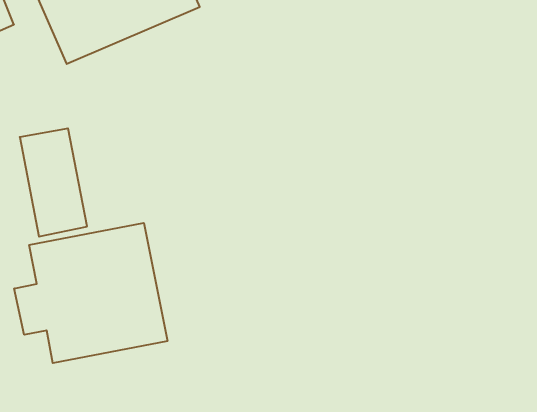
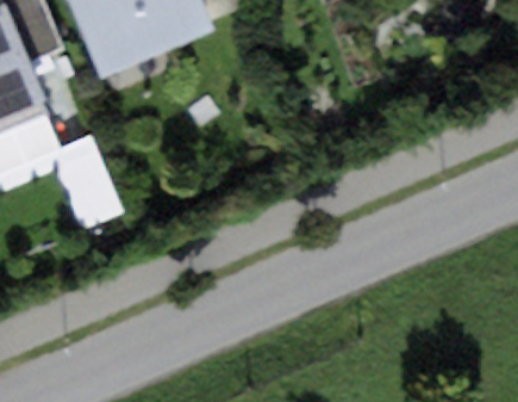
building: [14,223,167,363] -> none

